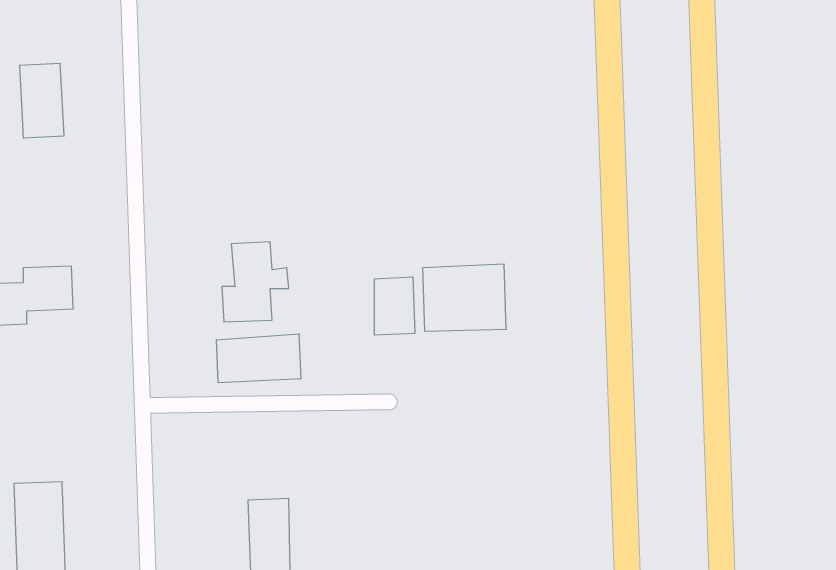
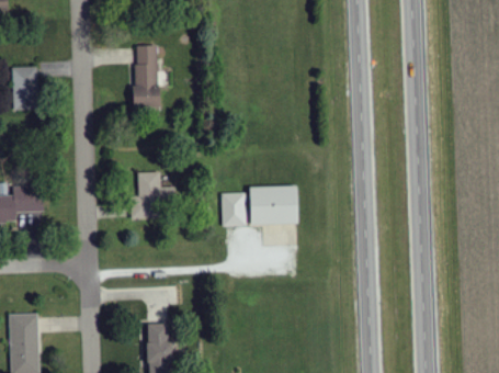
building: none -> [134,44,159,108]
building: [217,334,301,383] -> none

